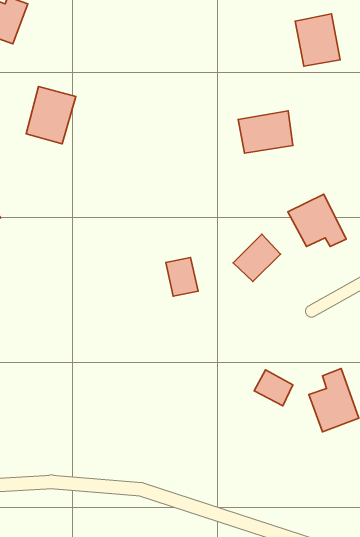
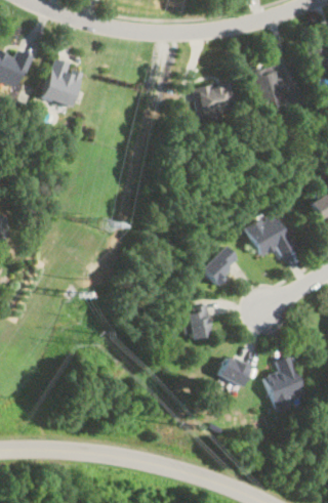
building: [26,87,76,144] -> [44,59,85,107]
building: [238,111,293,153] -> [194,81,239,116]
building: [166,258,198,296] -> [188,307,214,339]

